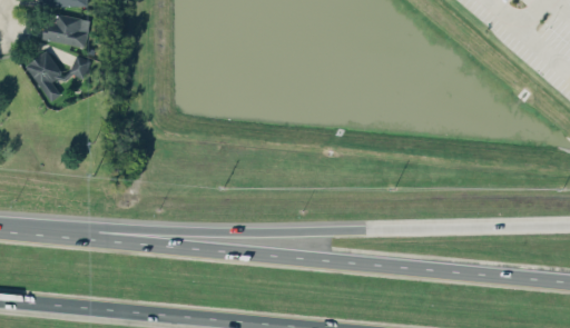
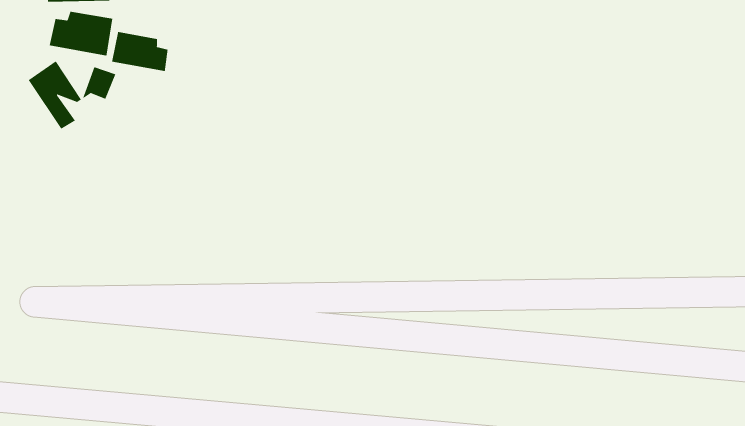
building: none -> [111,31,168,72]

